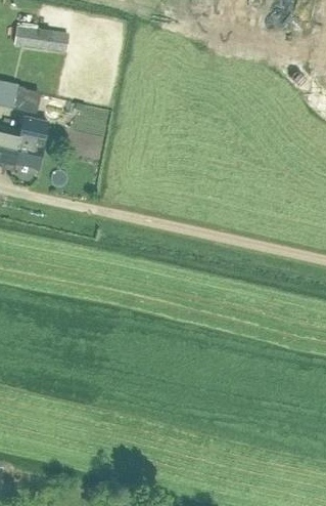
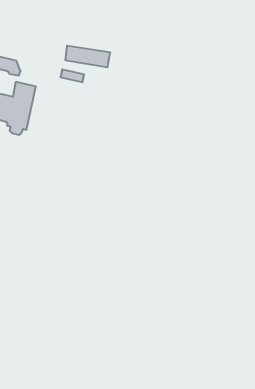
building: [14,25,68,50] -> [65,46,110,67]

